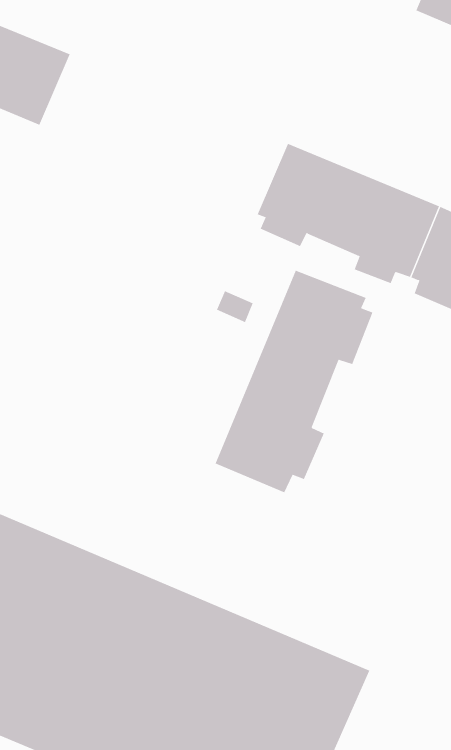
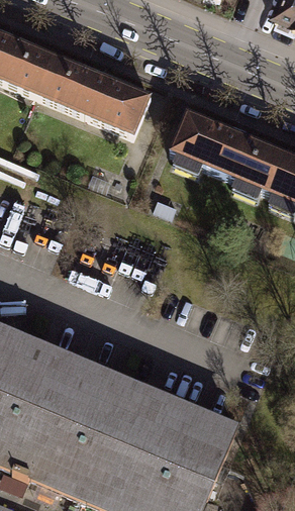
building: none -> [36,48,151,133]
building: [215,270,373,493] -> none

